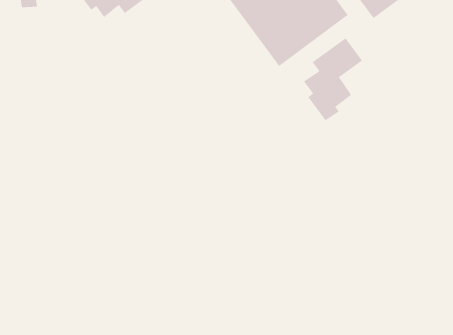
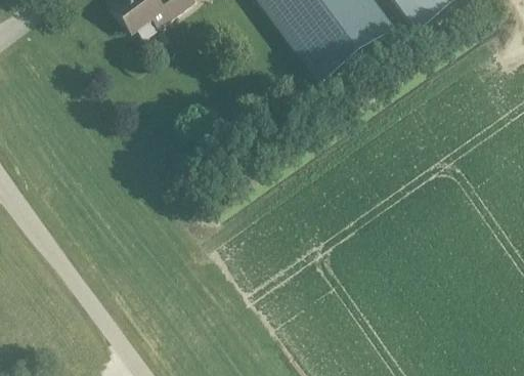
building: [303,38,363,121] -> none

